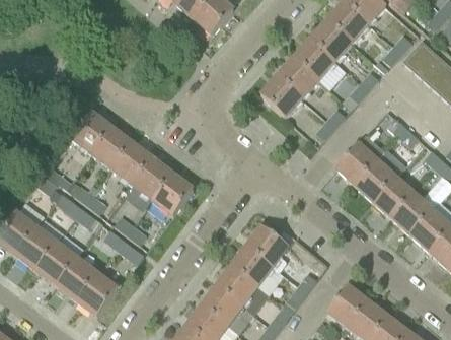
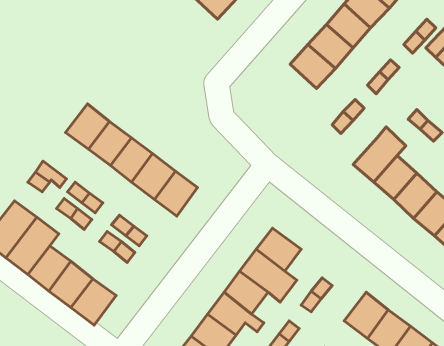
building: [260,75,302,116] -> none

